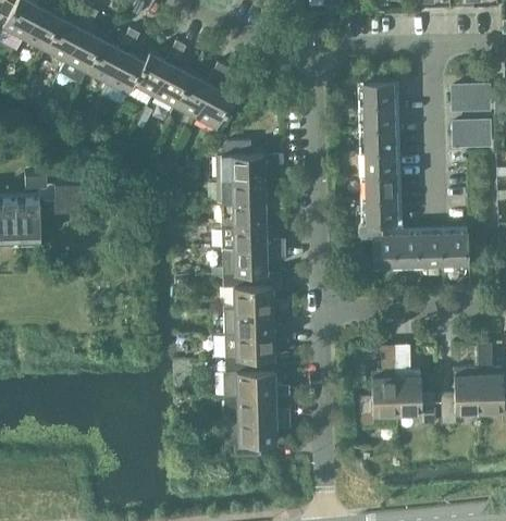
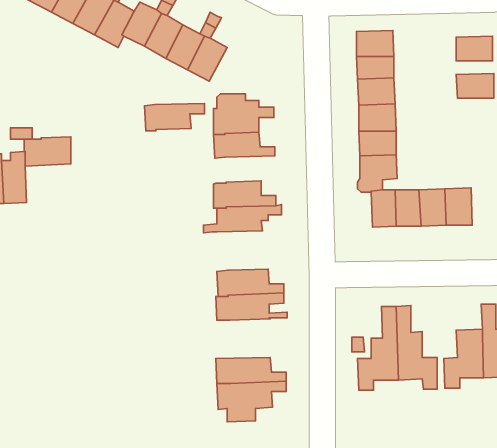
building: [222,200,280,226] -> [145,104,205,131]
building: [224,272,287,311] -> none
building: [223,357,289,395] -> none

